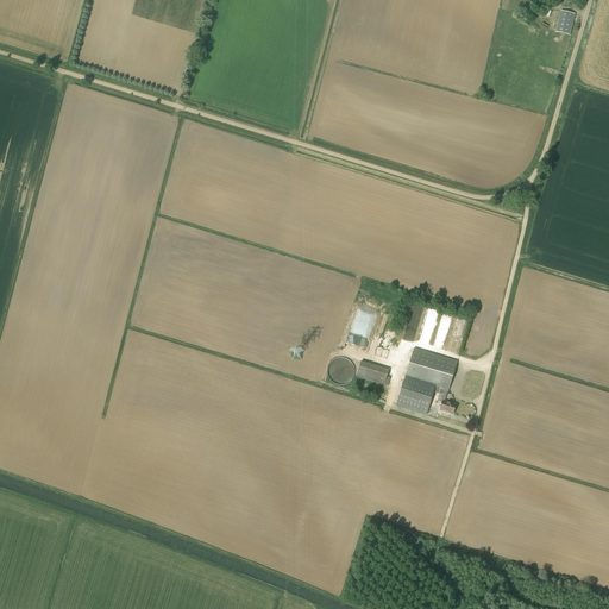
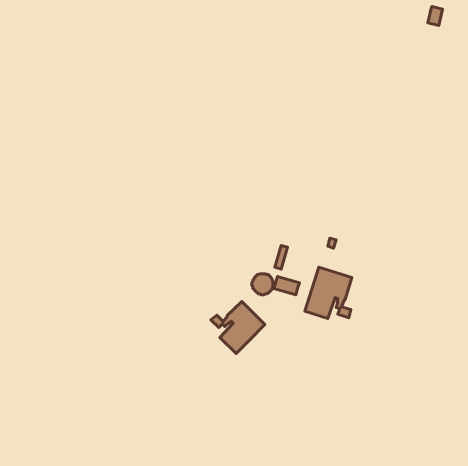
building: none -> [211,301,265,354]

